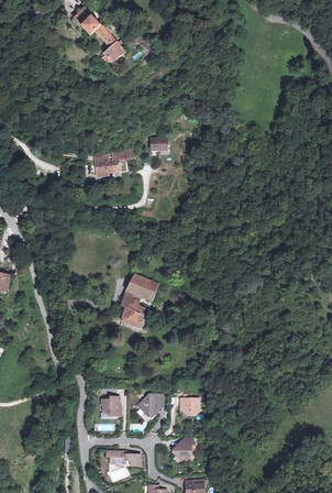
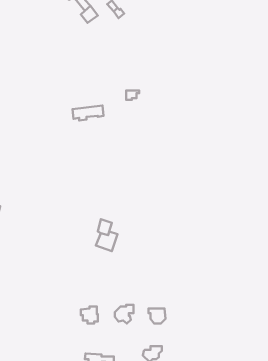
building: [125,276,156,300] -> none

